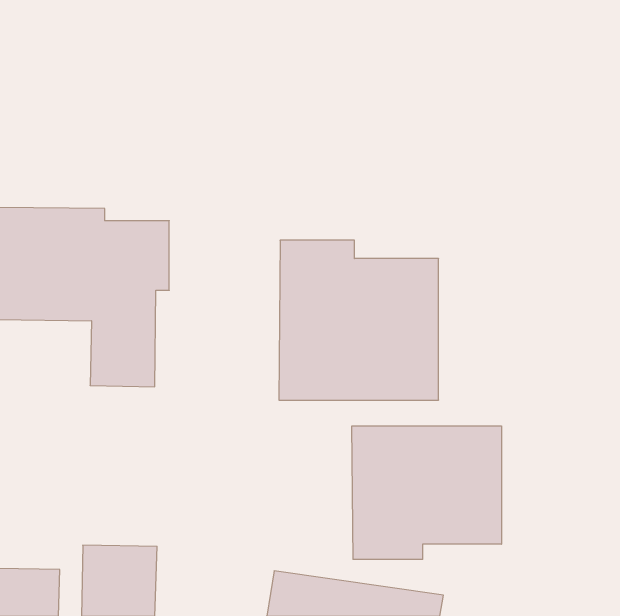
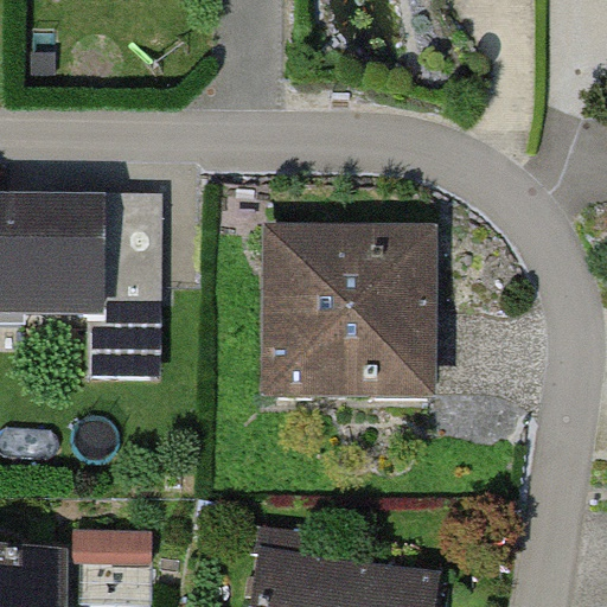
building: [352,426,501,559] -> none

